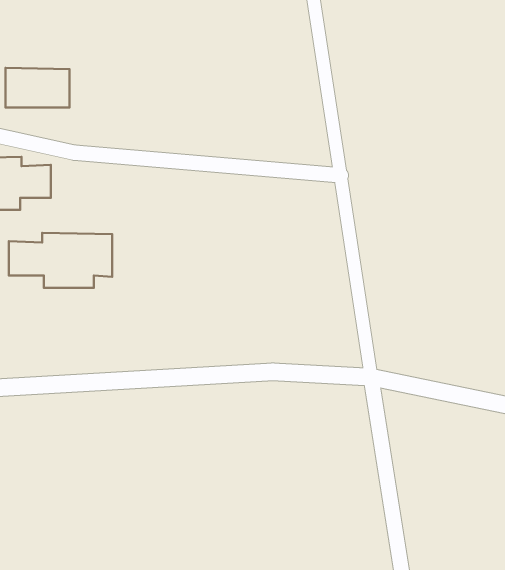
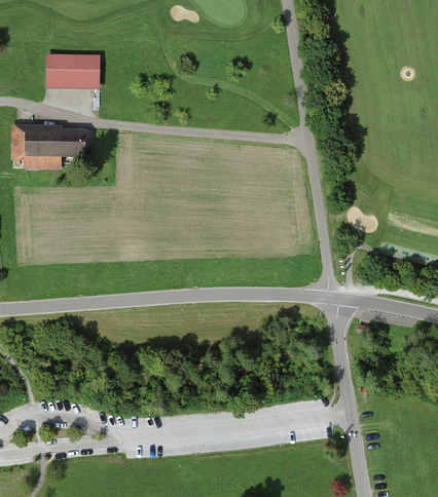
building: [9,233,112,288] -> none

